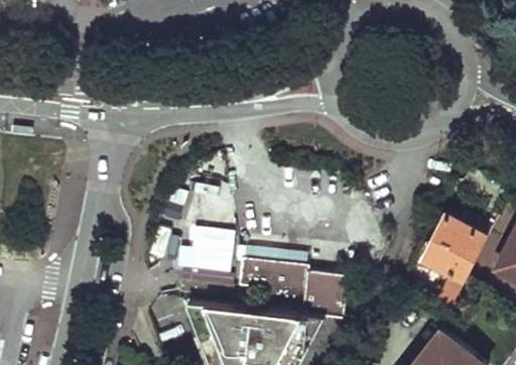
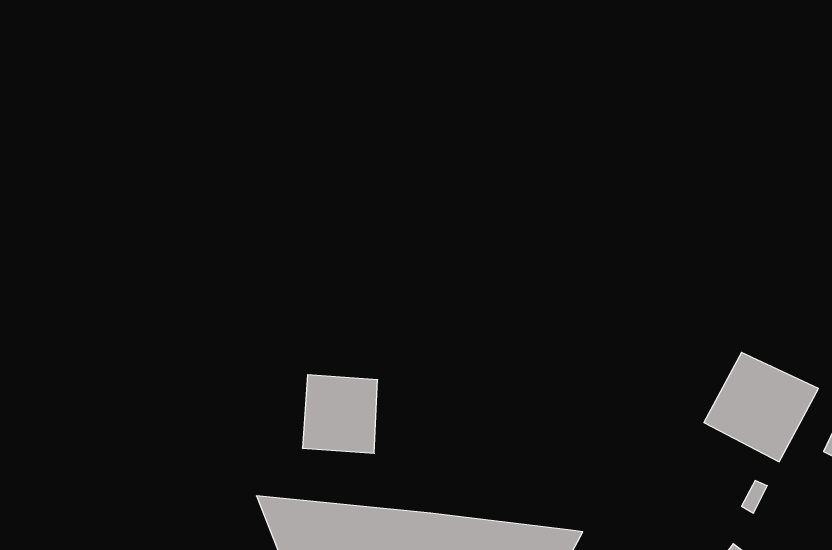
building: [240,258,351,319] -> none

